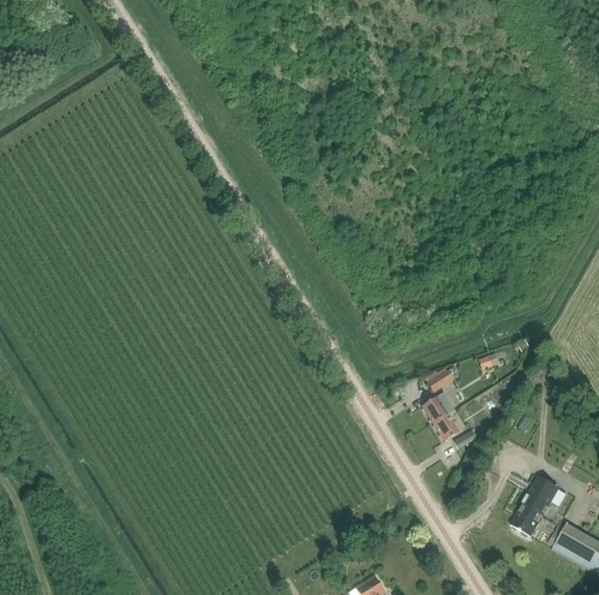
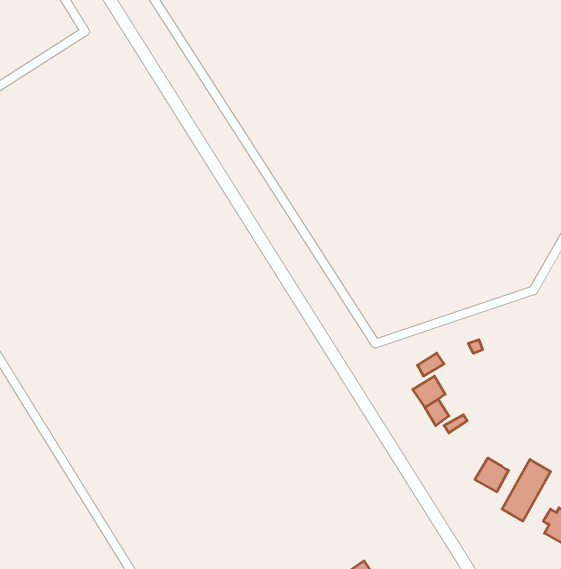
building: none -> [475,458,509,492]

